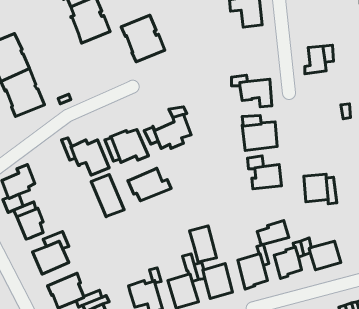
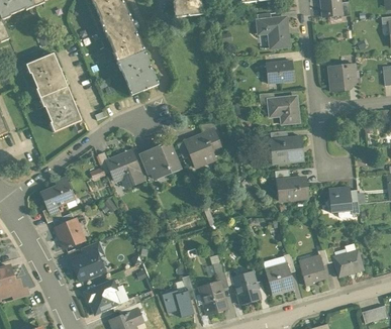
building: [121,15,165,62] -> [116,50,158,95]
building: none -> [265,60,293,83]
building: [128,168,171,201] -> none
building: [91,175,124,217] -> none
building: [257,220,289,245] -> none
building: [189,226,216,262] -> none

